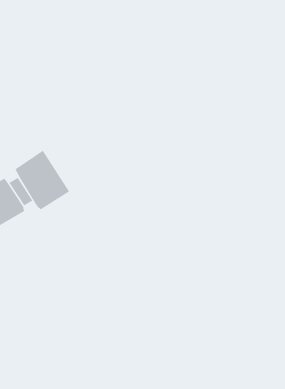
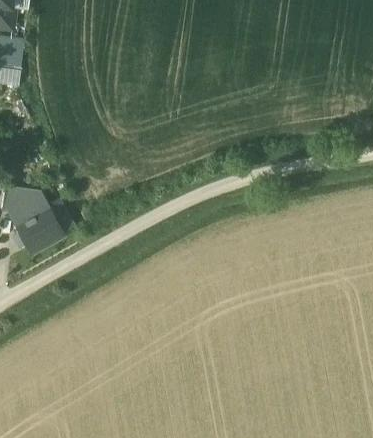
building: [15,150,70,210] -> none

